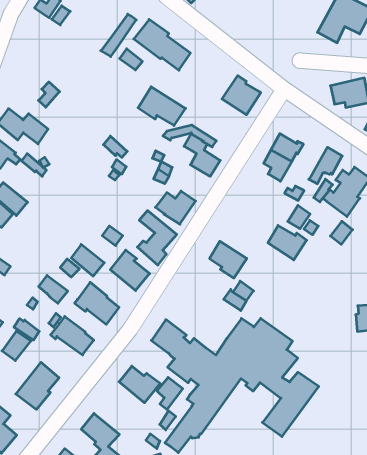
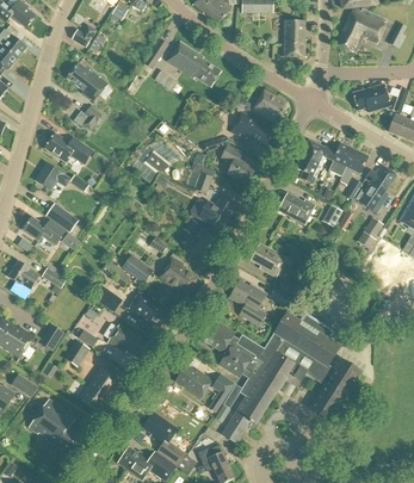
building: none -> [282,21,305,56]
building: none -> [64,63,106,101]
building: [138,87,186,126] -> [230,111,274,145]
building: none -> [326,143,353,177]
building: [268,225,307,260] -> [278,193,314,224]
building: none -> [228,280,266,326]

